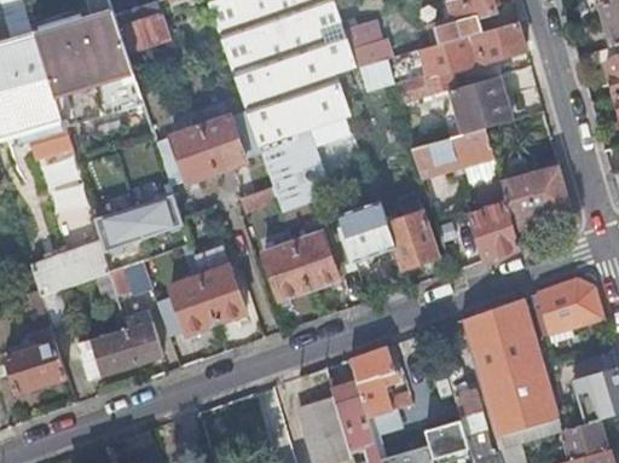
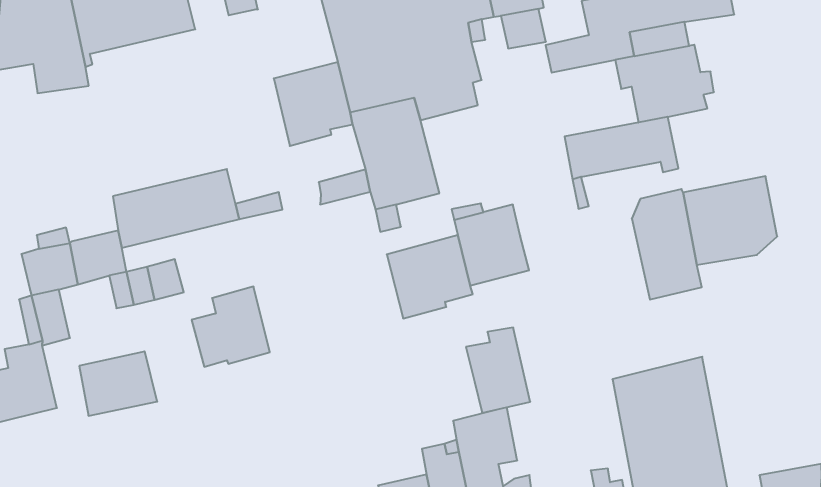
building: [156,125,216,184] -> none
building: [387,204,436,267] -> [466,328,530,413]
building: [264,243,308,297] -> none
building: [195,247,244,320] -> none
building: [530,278,602,334] -> none
building: [122,306,163,363] -> none

